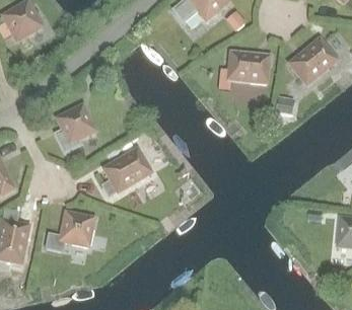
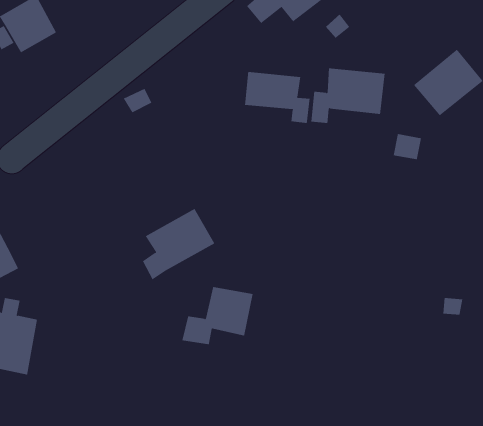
building: none -> [244,71,310,124]
building: [55,104,95,152] -> none
building: [44,212,93,252] -> [182,286,253,345]

